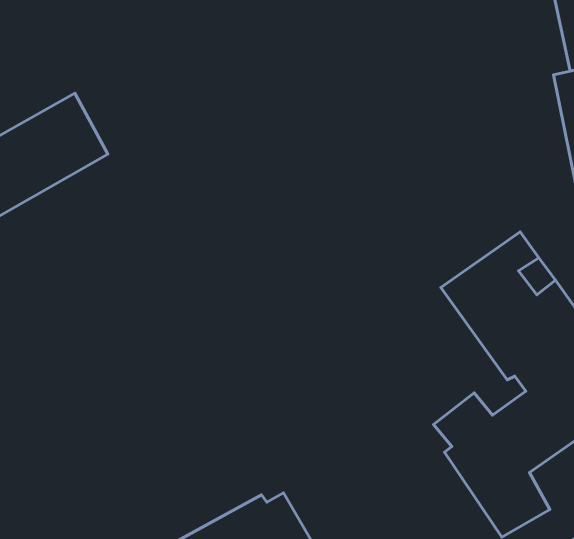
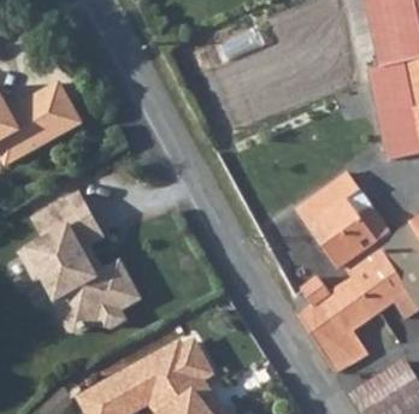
building: none -> [22,194,136,331]

